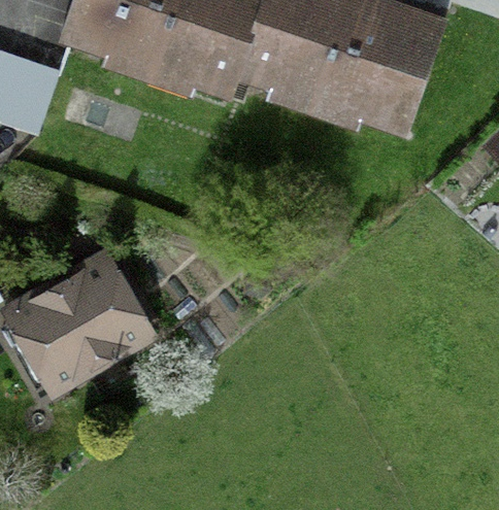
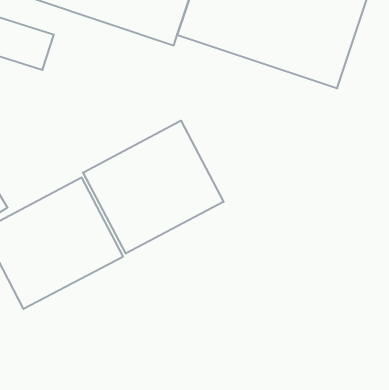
building: none -> [83,121,224,254]

